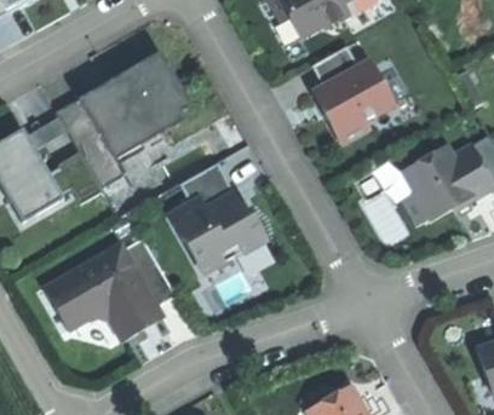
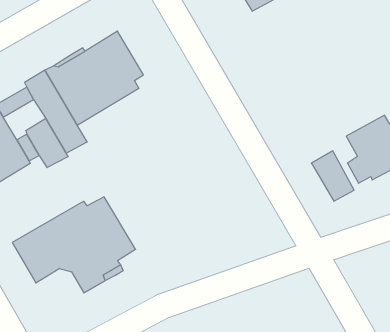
building: [311,44,395,142] -> none
building: [168,162,266,271] -> none

